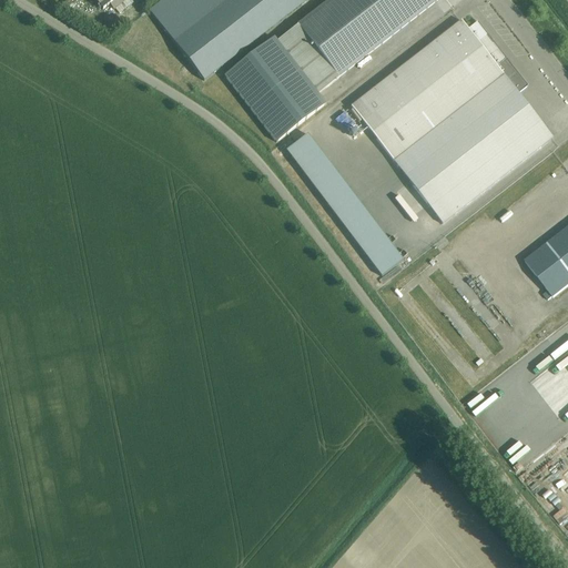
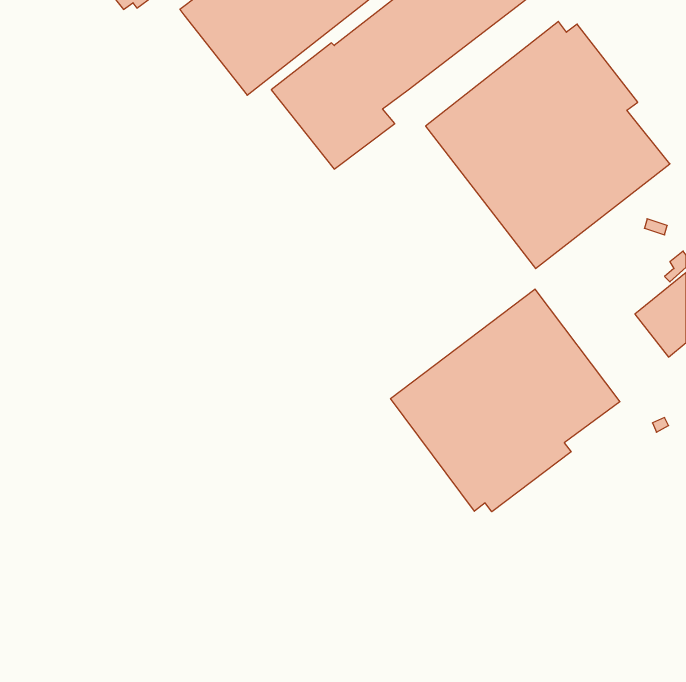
building: [286,132,403,275] -> none
building: none -> [391,289,620,512]

